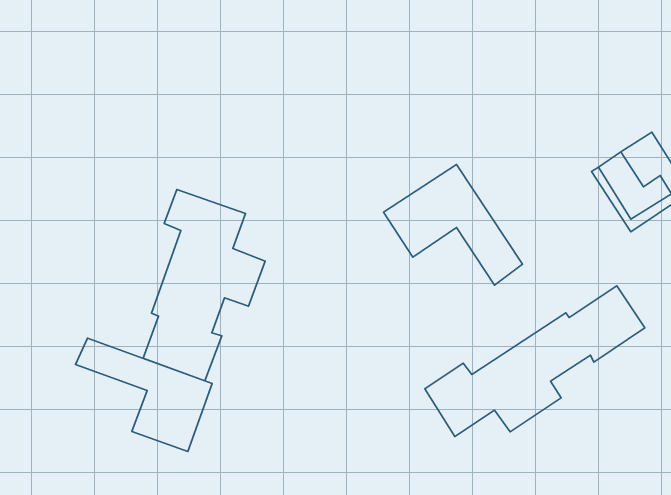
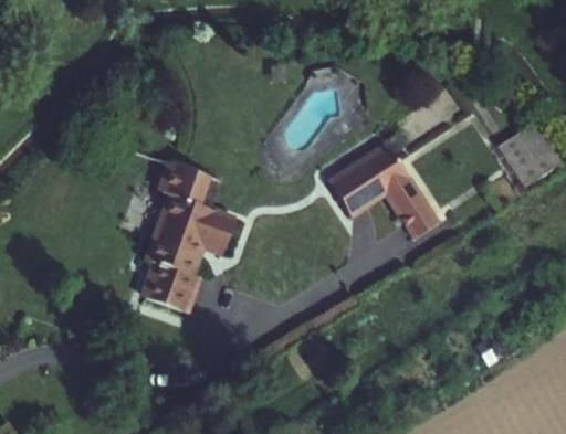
building: [425,286,645,436] -> none
building: [75,338,212,452] -> none

